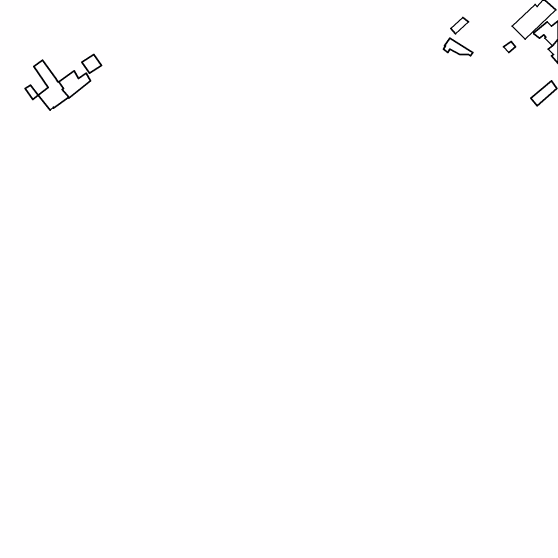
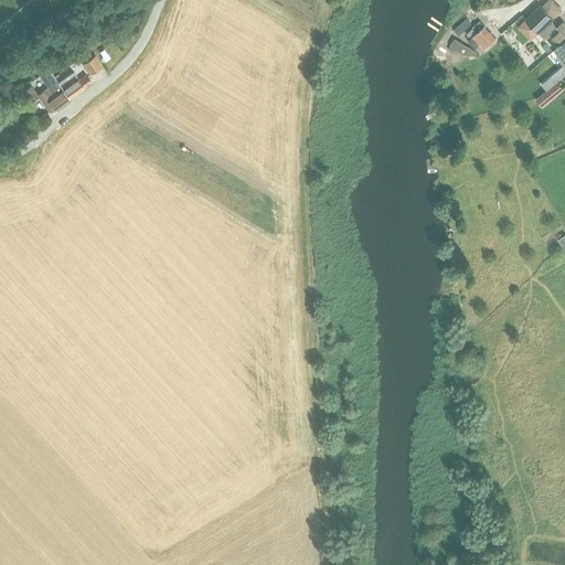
building: none -> [466,21,497,50]

